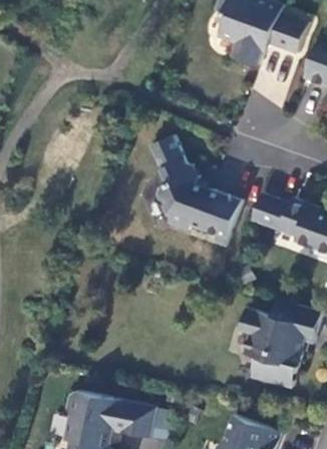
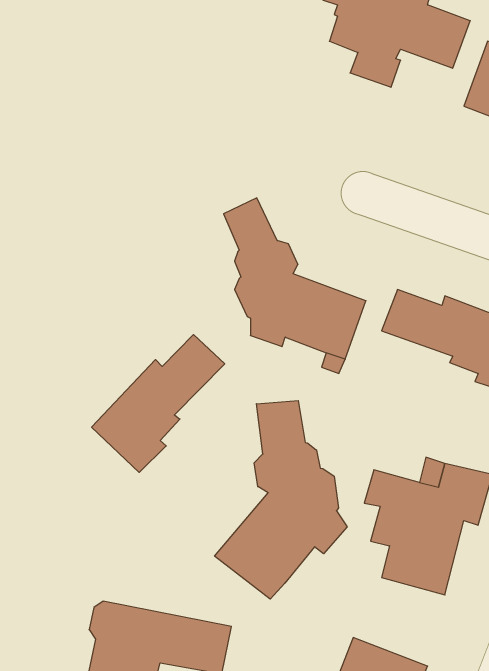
building: none -> [92,335,225,472]
building: none -> [215,401,347,599]

